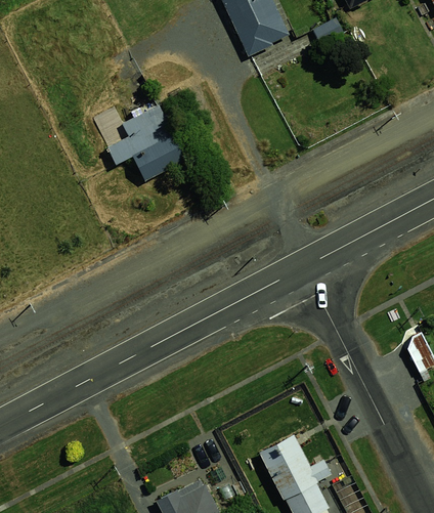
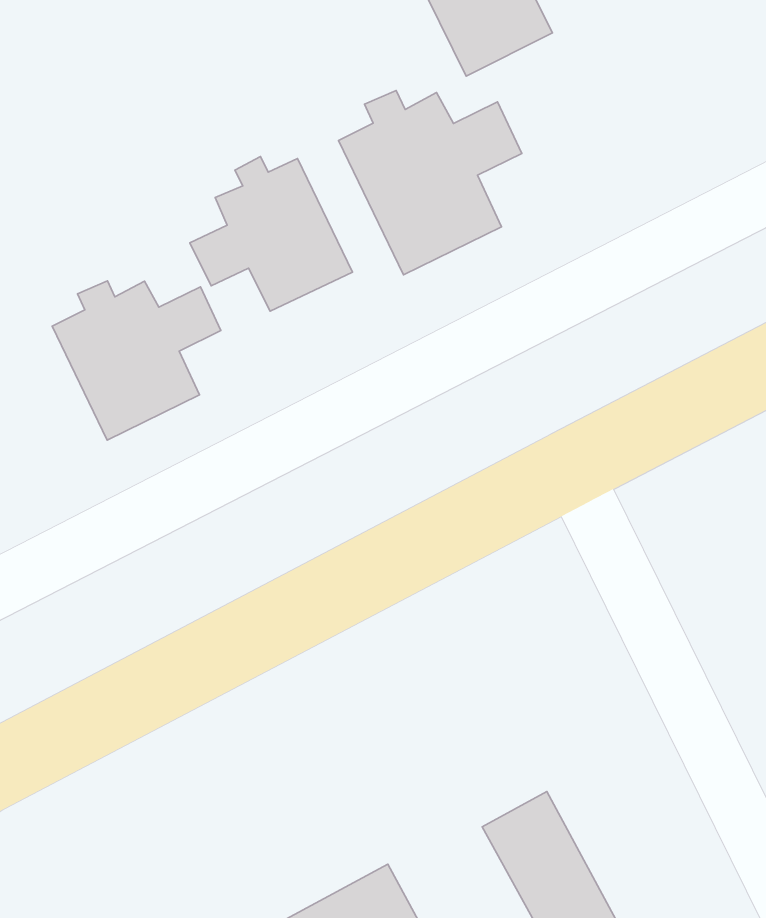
building: none -> [338,91,522,275]
building: none -> [52,281,221,440]

